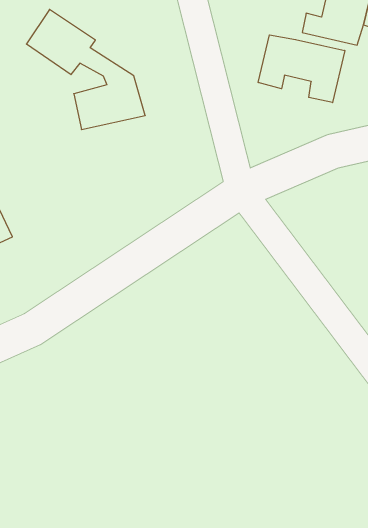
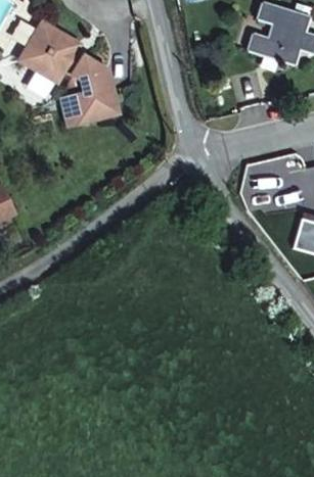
building: [258,35,345,103] -> none

